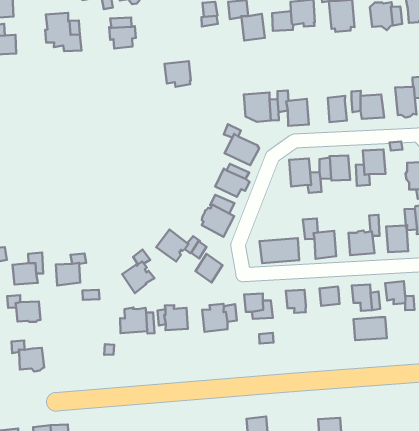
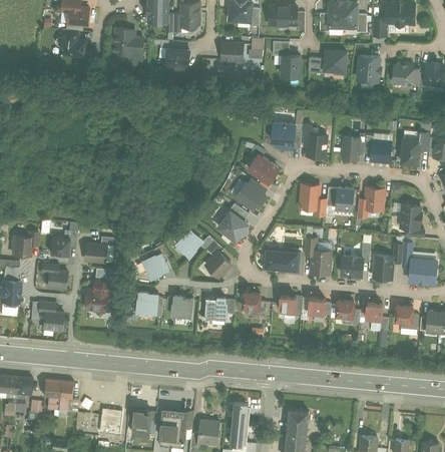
building: [165,61,191,87] -> [220,44,243,65]
building: none -> [85,278,113,311]
building: [353,317,387,340] -> none

